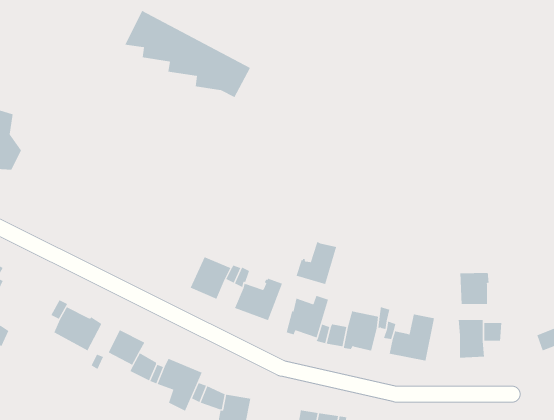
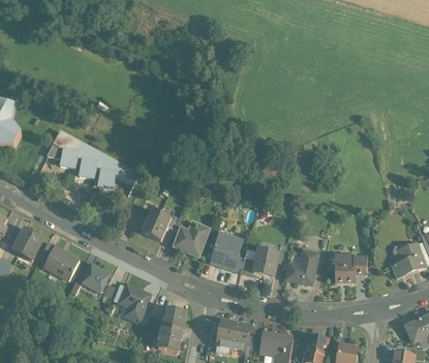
building: [125,10,251,98] -> [48,130,139,193]
building: [296,241,337,285] -> none
building: [460,272,489,305] -> none
building: none -> [13,225,42,255]

